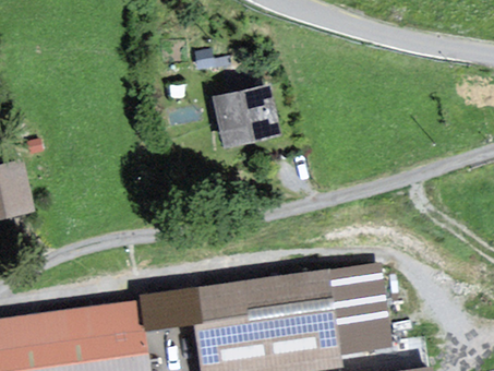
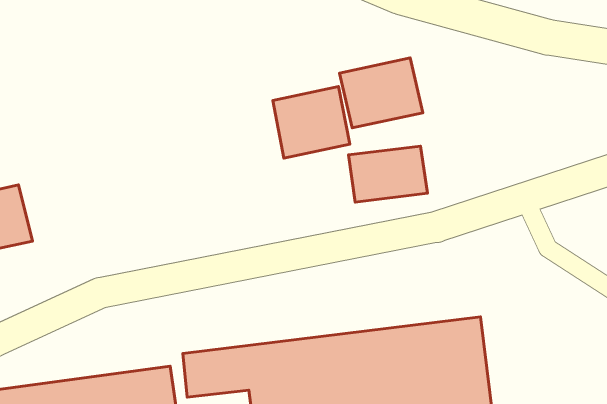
building: none -> [339,58,423,128]
building: none -> [348,146,427,202]

